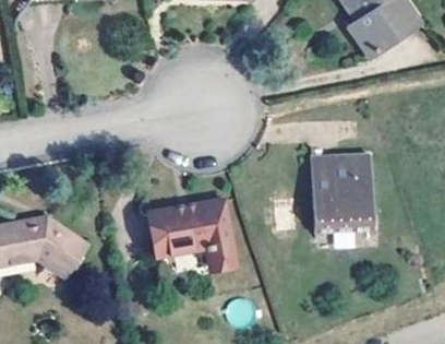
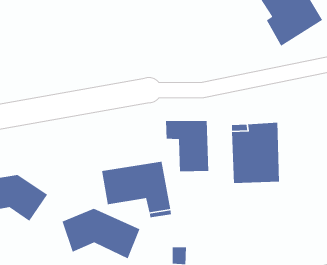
building: none -> [165,120,209,172]
building: none -> [61,208,140,259]

